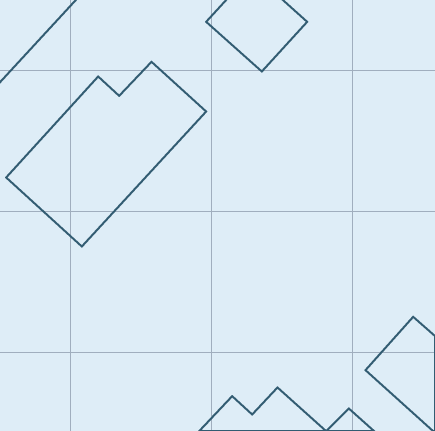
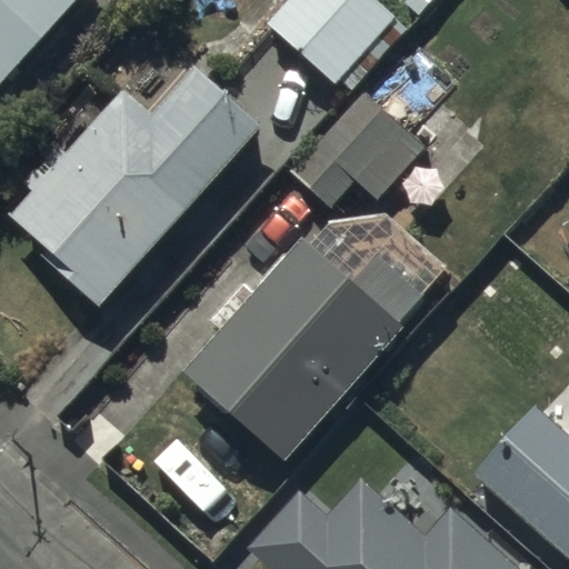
building: none -> [280,100,419,223]
building: none -> [184,258,416,471]

